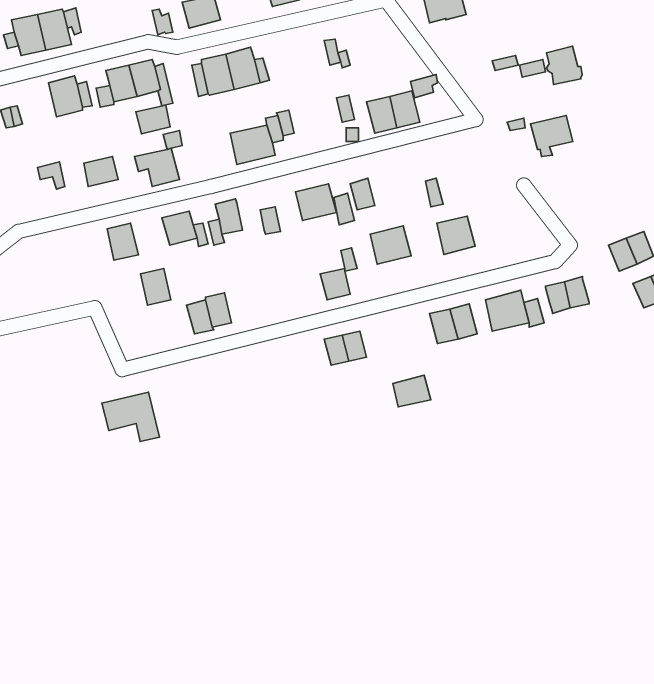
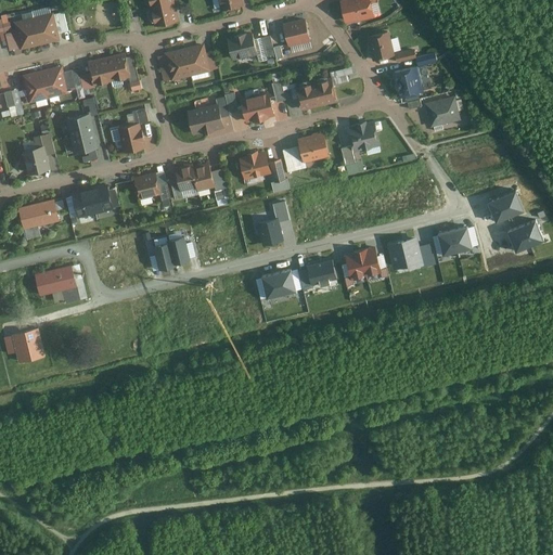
building: none -> [281,20,309,47]
building: none -> [366,31,391,60]
building: none -> [224,33,255,61]
building: [547,46,582,84] -> [393,66,421,96]
building: none -> [22,72,48,103]
building: [136,105,170,134] -> [65,113,92,135]
building: none -> [239,92,273,124]
building: none -> [22,146,51,176]
building: none -> [191,164,213,192]
building: [437,216,475,255] -> [348,122,378,153]
building: [370,226,411,264] -> [296,133,329,164]
building: none -> [18,199,59,241]
building: [141,268,171,305] -> [69,188,93,217]
building: [393,375,431,407] -> [307,259,337,284]
building: [102,392,159,441] -> [31,262,77,301]
building: none -> [11,327,44,362]

